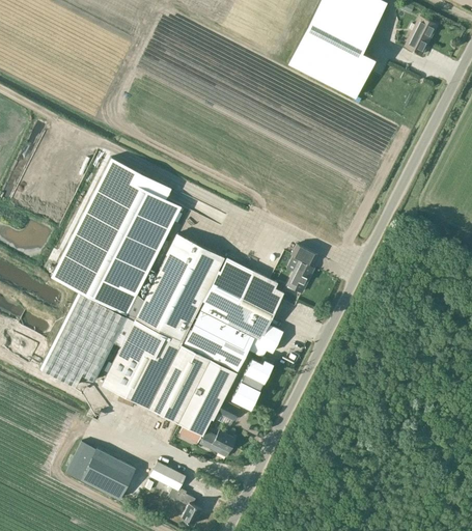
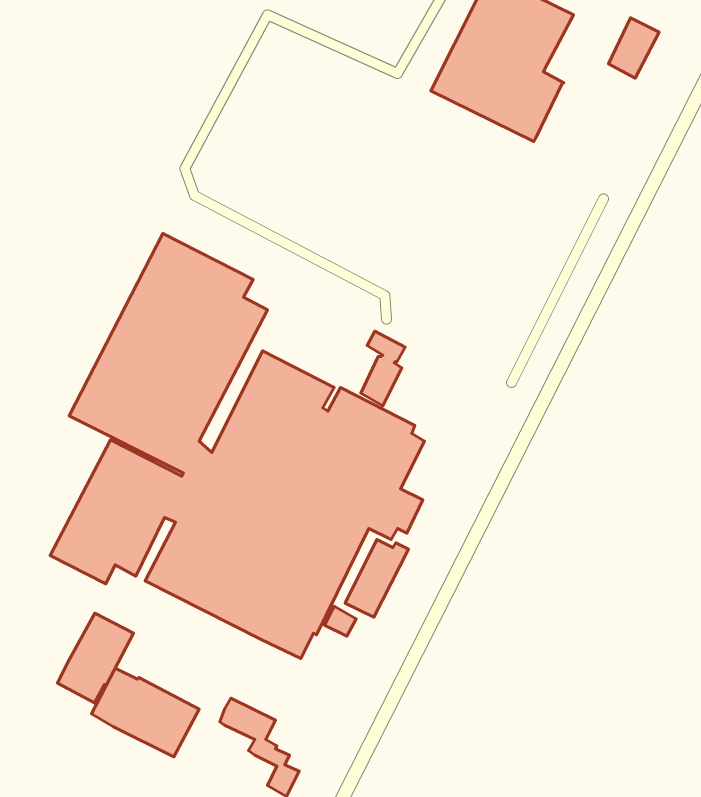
building: [286,245,315,294] -> [361,331,405,406]
building: none -> [57,613,134,703]
building: [199,430,234,457] -> none

